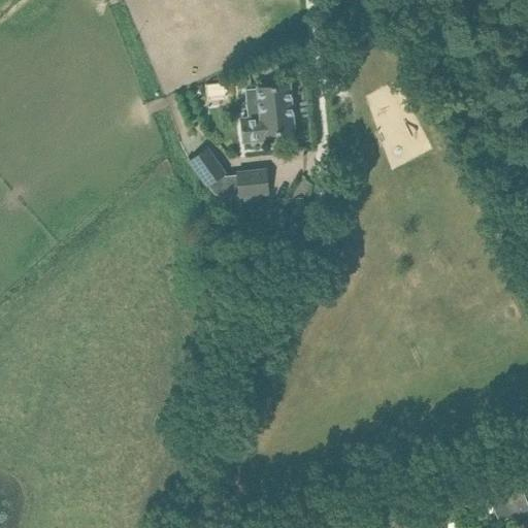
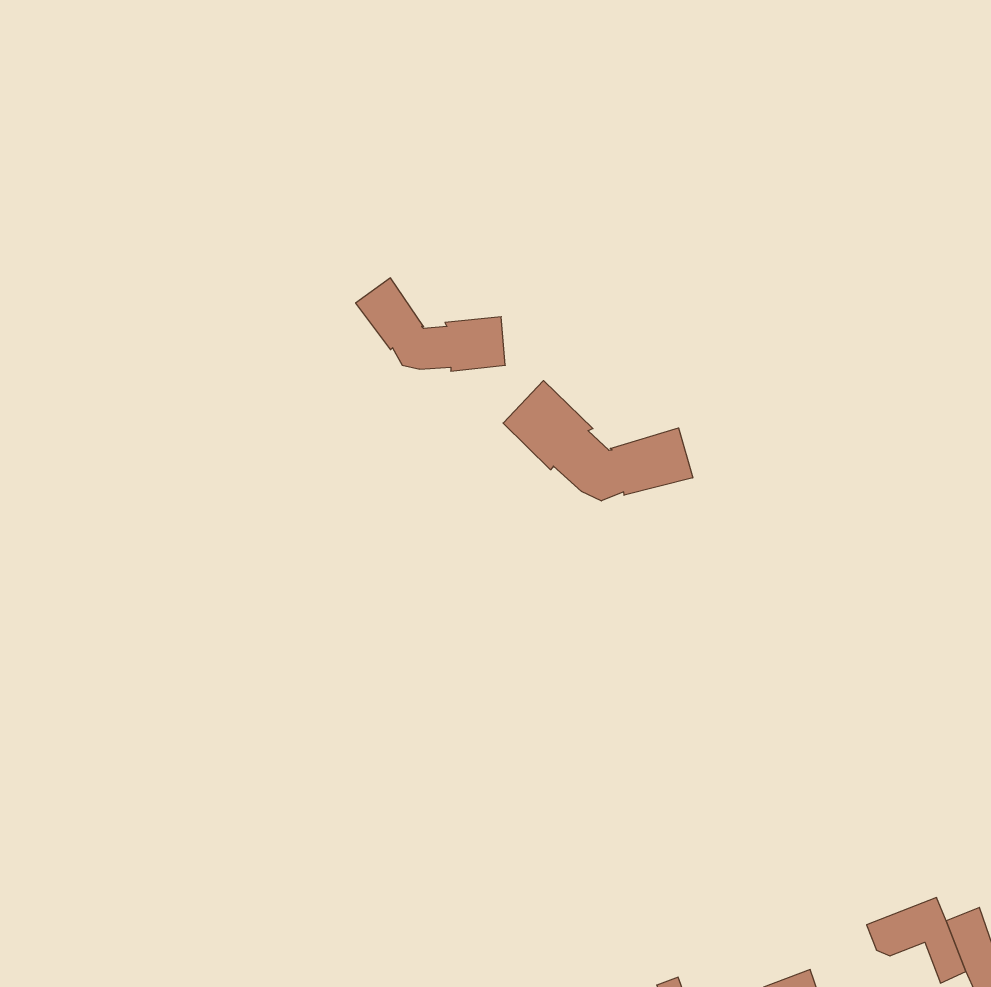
building: [242,85,295,145] -> none
building: none -> [503,381,693,501]

